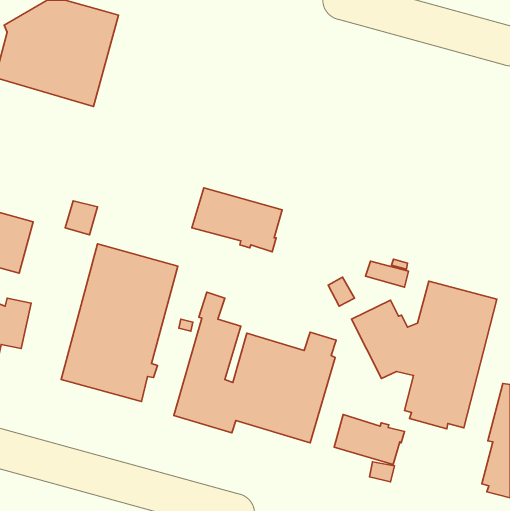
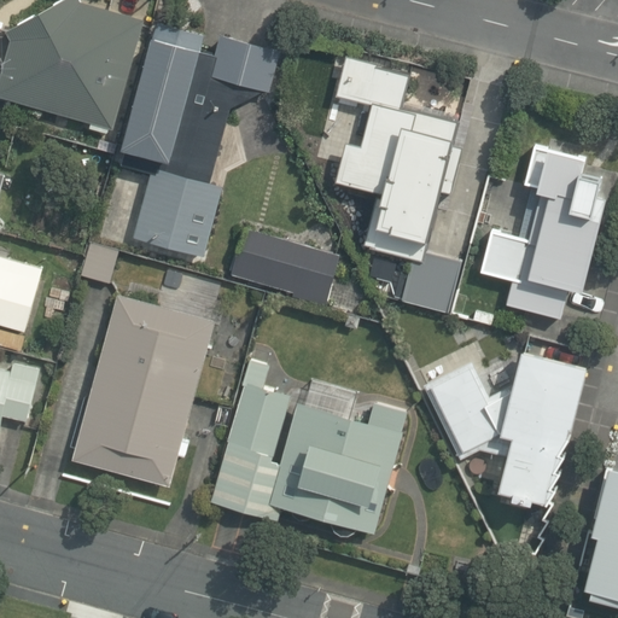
building: none -> [118,24,278,257]
building: none -> [333,54,462,313]
building: none -> [479,145,606,319]
building: [334,415,404,465] -> none

